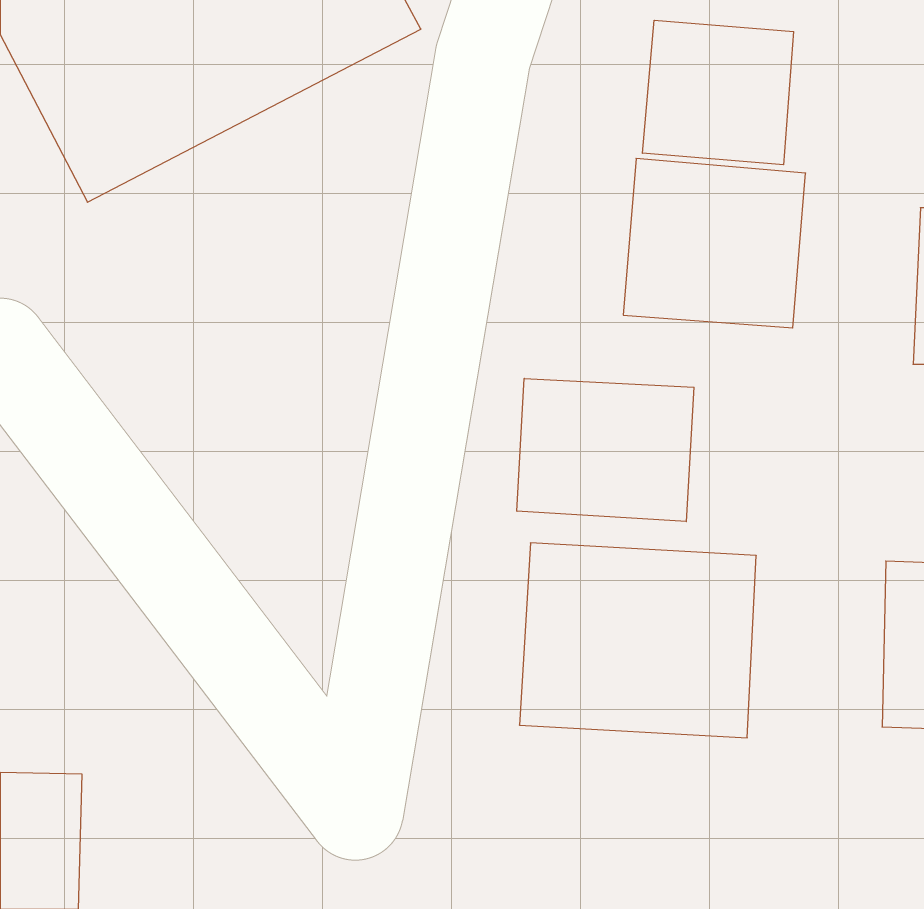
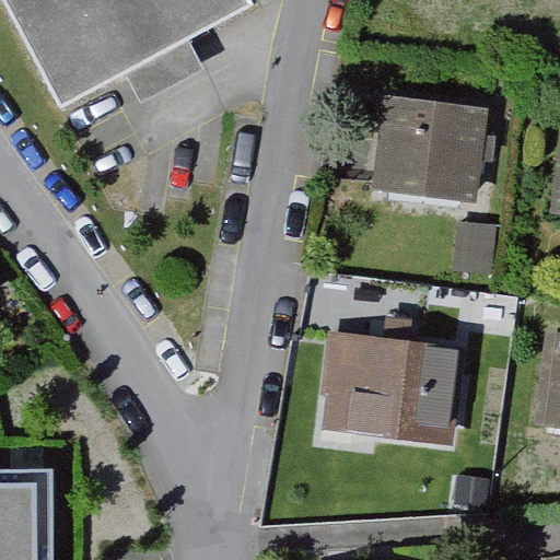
building: [642,20,794,165] -> none
building: [517,378,694,522] -> none

